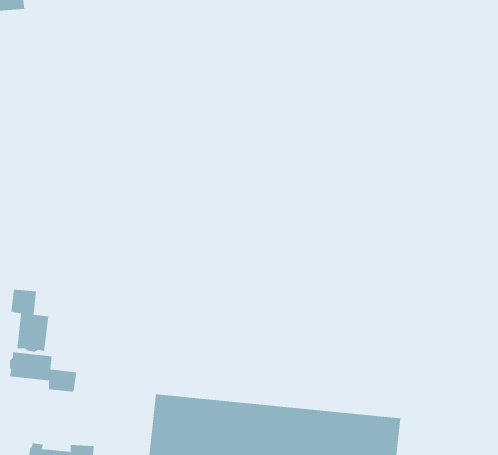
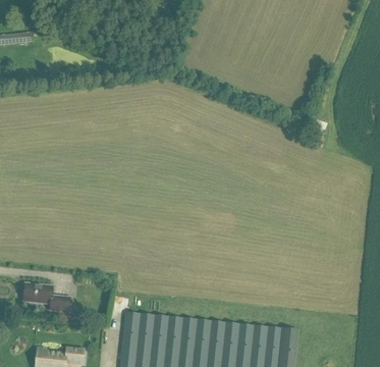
building: [11,289,49,353] -> none

